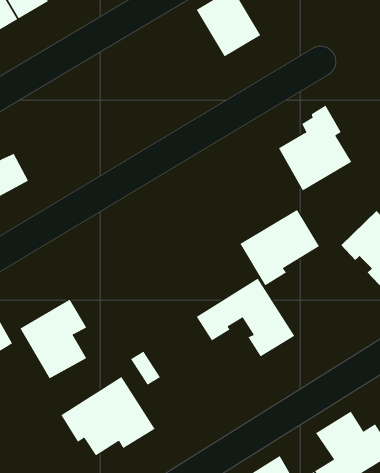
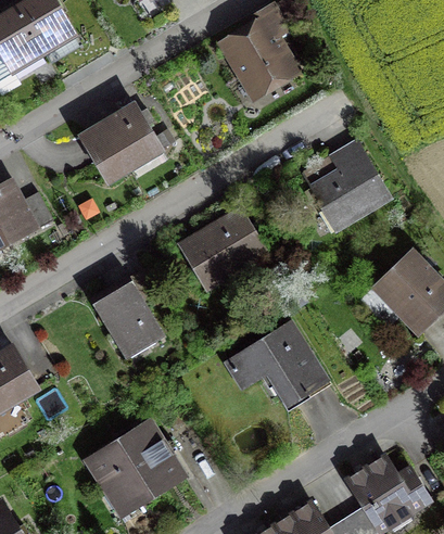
building: none -> [78,103,168,185]
building: [239,209,320,286] -> [180,209,263,289]
building: [20,299,87,379] -> [90,269,160,352]

